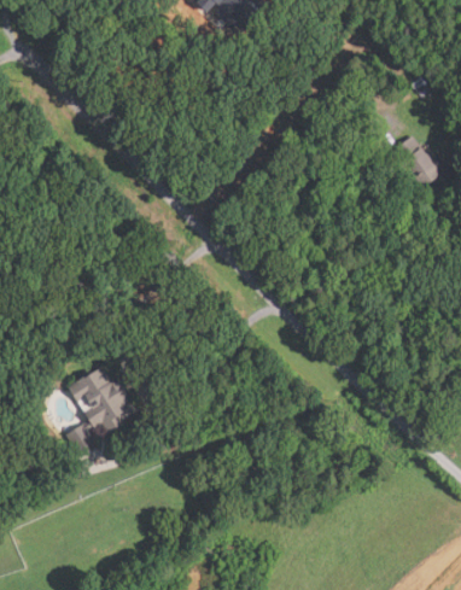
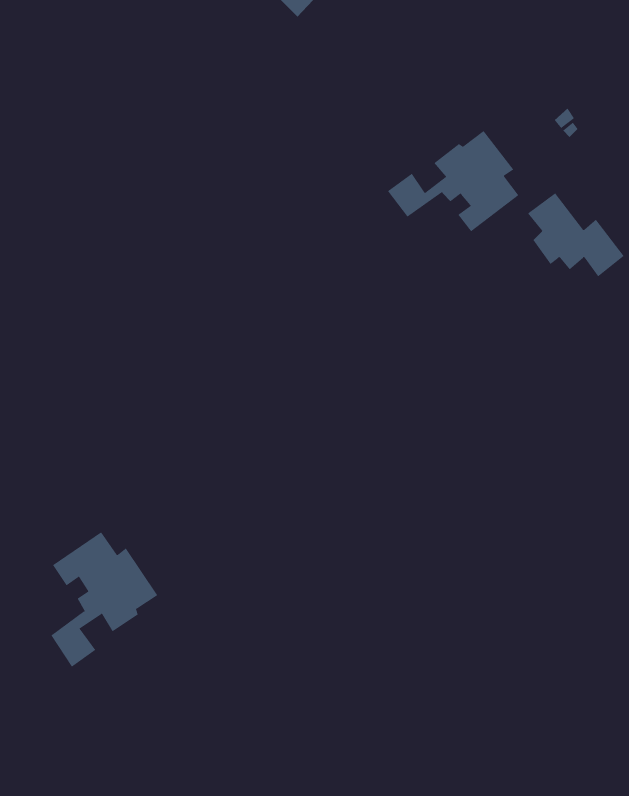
building: none -> [387,130,519,232]

